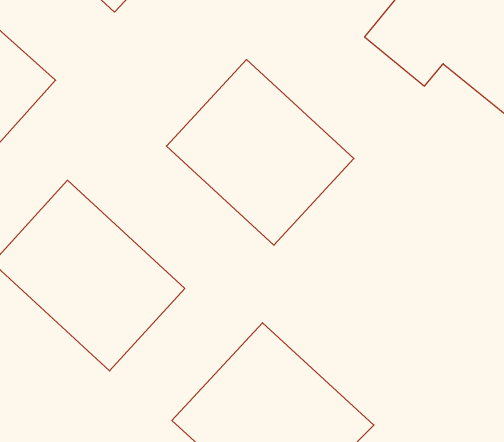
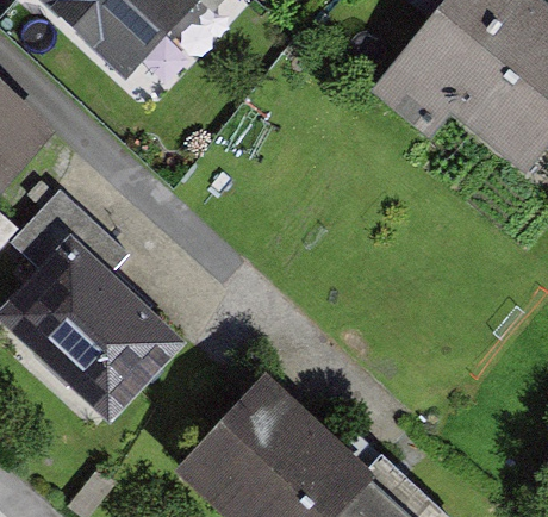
building: [166,60,354,245] -> none

